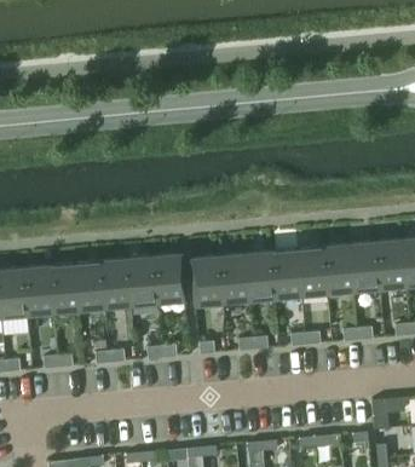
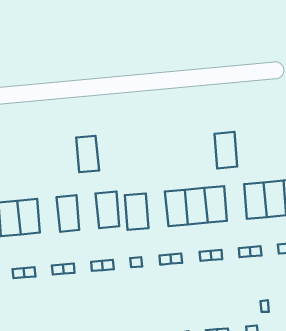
building: [324,246,355,294] -> [214,132,237,168]
building: [220,255,250,304] -> none
building: [128,258,158,306] -> [76,136,99,172]
building: [76,263,106,310] -> none

